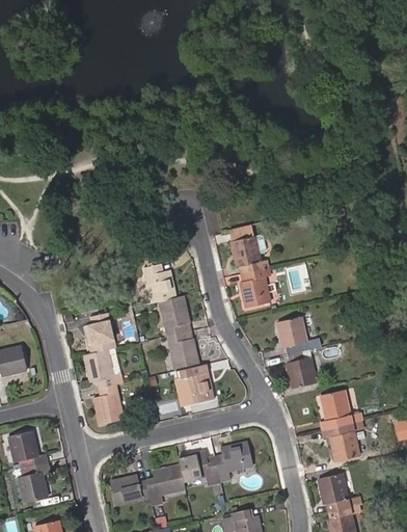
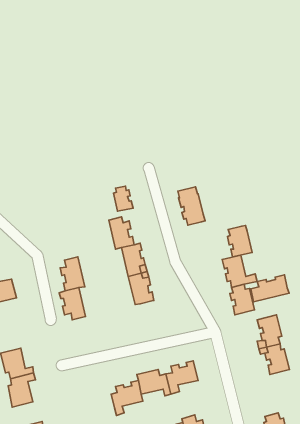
building: none -> [113,186,133,211]
building: [237,273,267,312] -> [227,225,252,257]
building: none -> [251,275,289,302]
building: [173,368,212,408] -> none
building: [90,390,121,429] -> none
building: [320,472,350,511] -> none
building: [108,478,148,508] -> none

